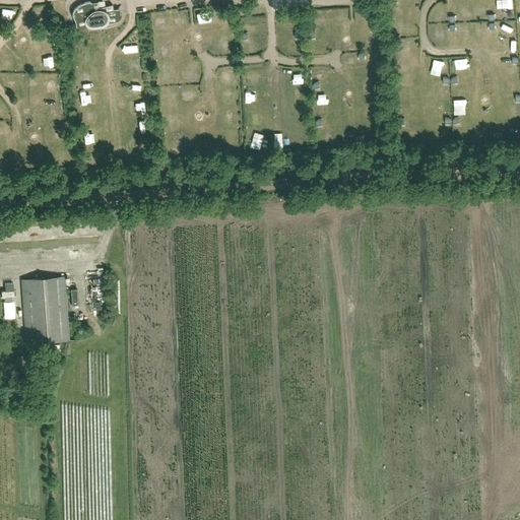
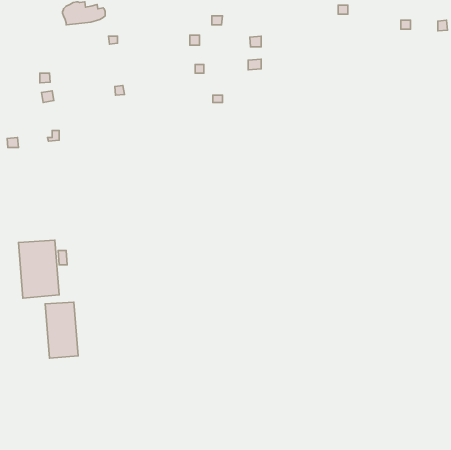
building: none -> [45,302,78,358]

